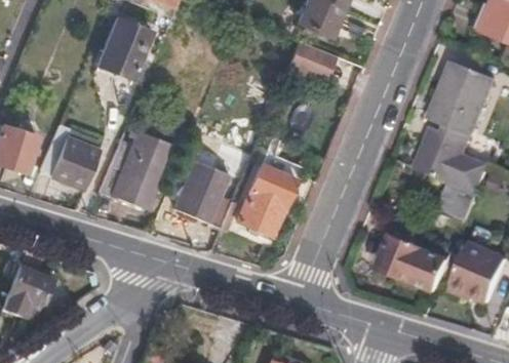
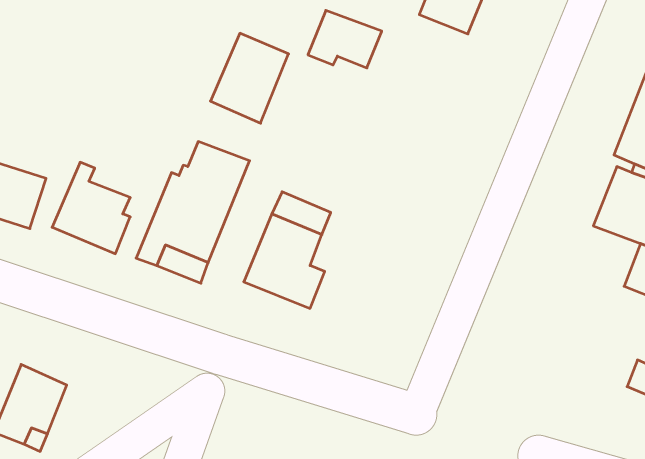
building: [99,16,153,79] -> [210,33,289,123]
building: [286,39,338,79] -> [308,10,382,68]
building: [238,150,302,234] -> none
building: [379,235,451,290] -> none

